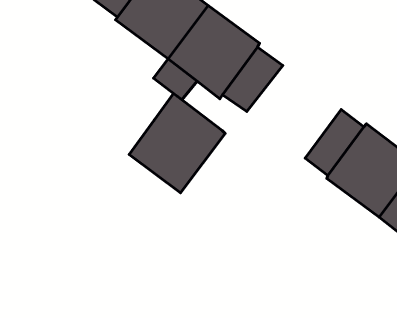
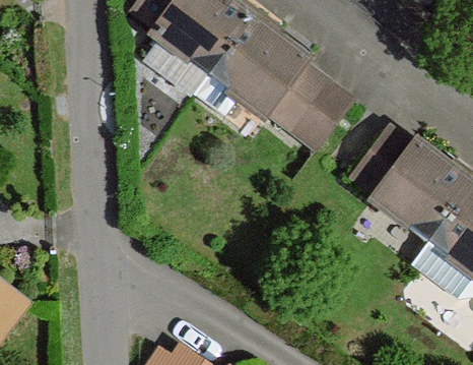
building: [129,93,225,193] -> none

